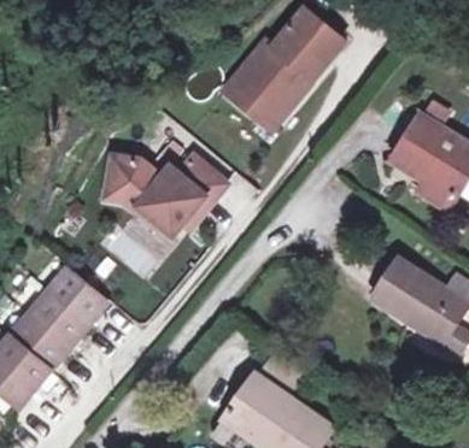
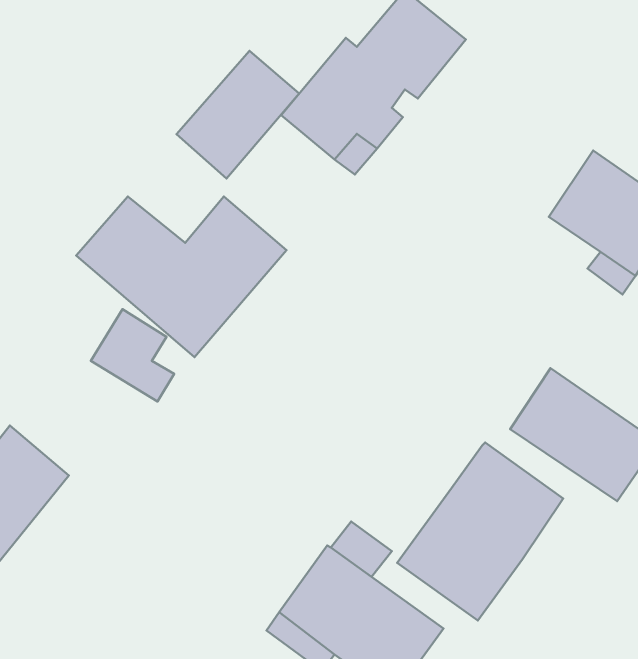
building: none -> [176,51,299,178]
building: [47,270,105,325] -> none
building: none -> [397,442,563,621]

